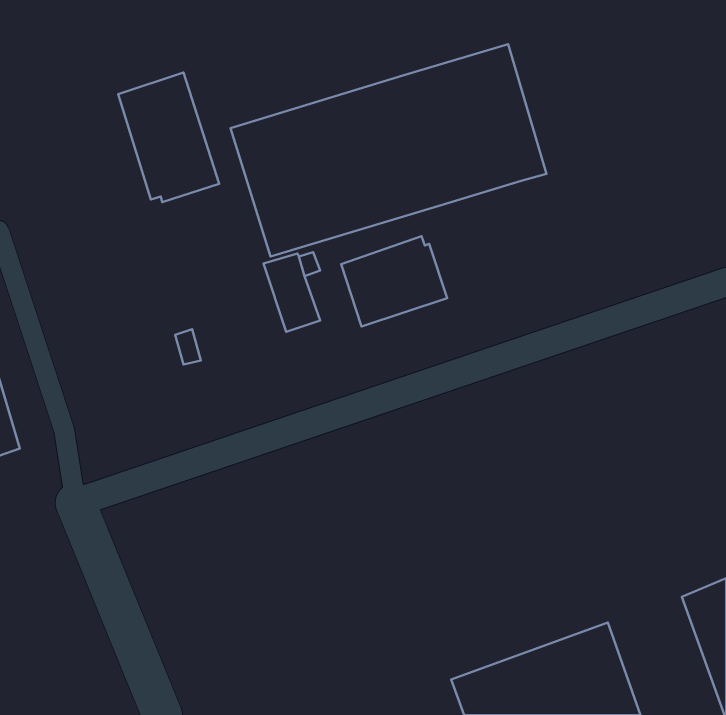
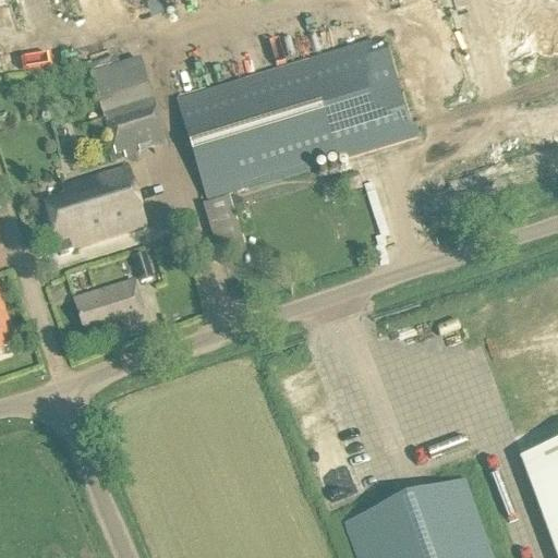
building: none -> [44,165,147,251]
building: [341,236,447,327] -> none
building: none -> [73,278,147,329]

